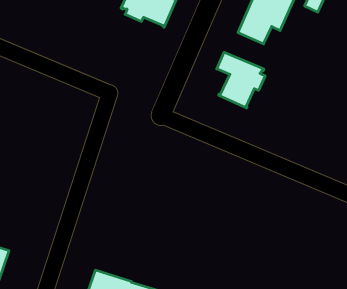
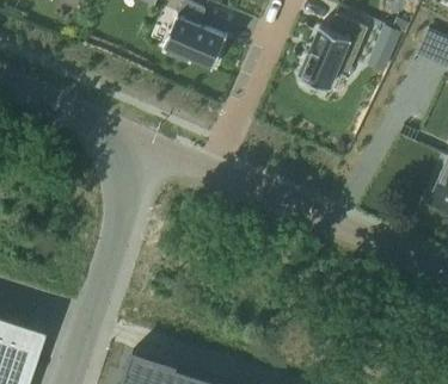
building: [217,52,265,108] -> none

